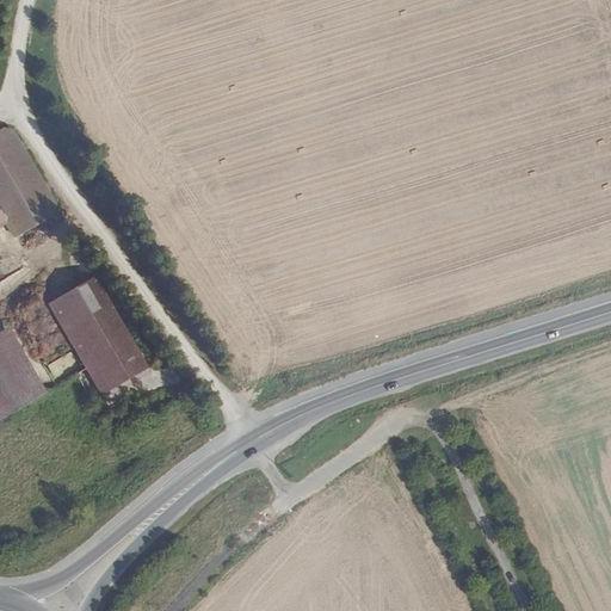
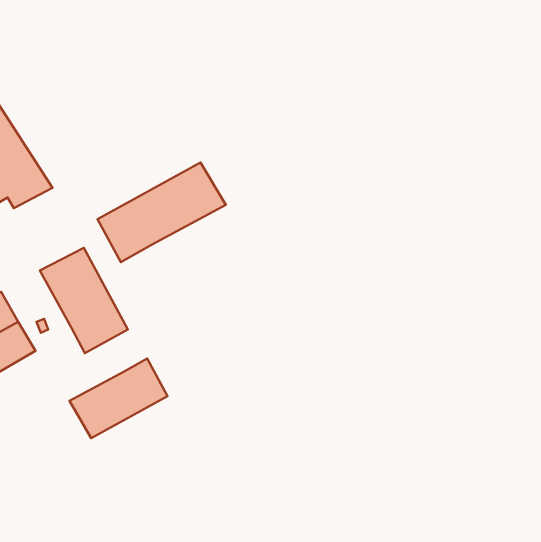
building: none -> [98,162,226,262]
building: none -> [69,359,167,438]

